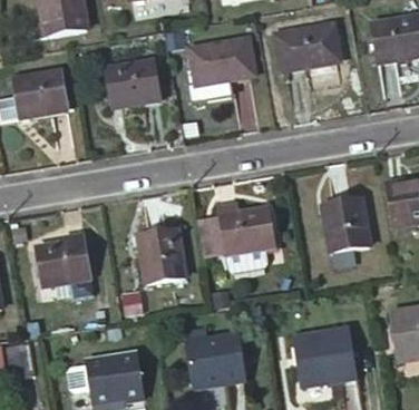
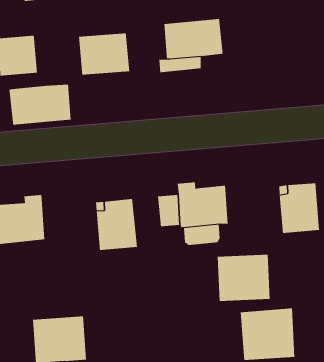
building: [276,23,342,69] -> none
building: none -> [9,84,71,125]
building: [185,334,243,387] -> [217,254,270,301]

